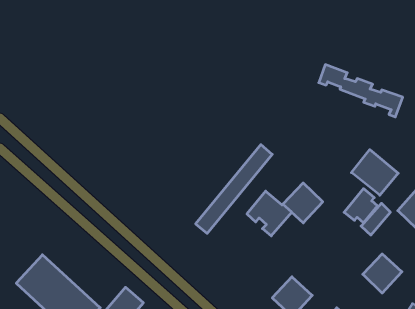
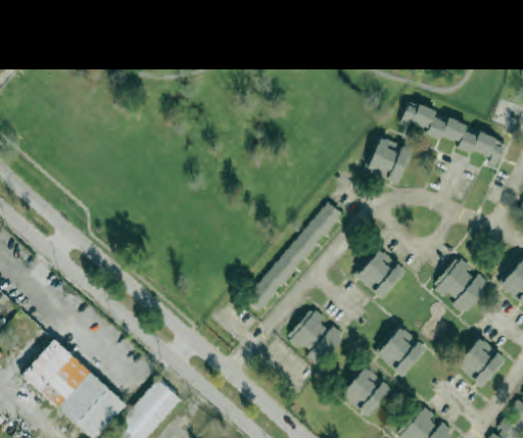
building: none -> [367,136,412,182]
building: [351,150,398,195] -> none
building: [247,191,292,236] -> [287,308,343,364]
building: none -> [377,326,427,376]

